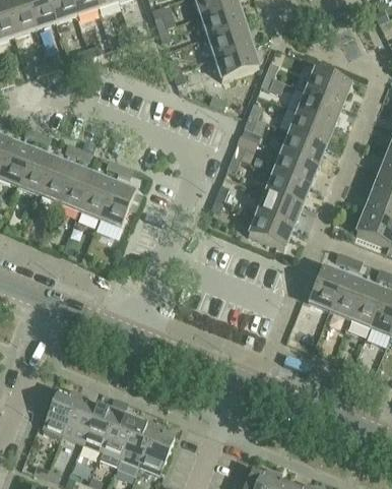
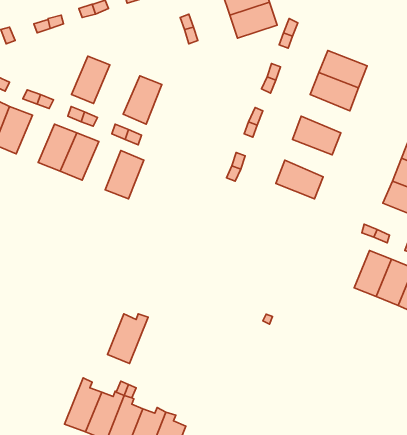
building: [306,67,350,103] -> none
building: [281,129,326,165] -> none
building: [18,148,54,192] -> [71,56,110,103]
building: [266,171,310,205] -> none
building: [79,173,115,218] -> [123,76,162,124]
building: [249,211,293,247] -> none
building: [309,265,344,308] -> none
building: [43,388,80,434] -> [107,314,148,363]

